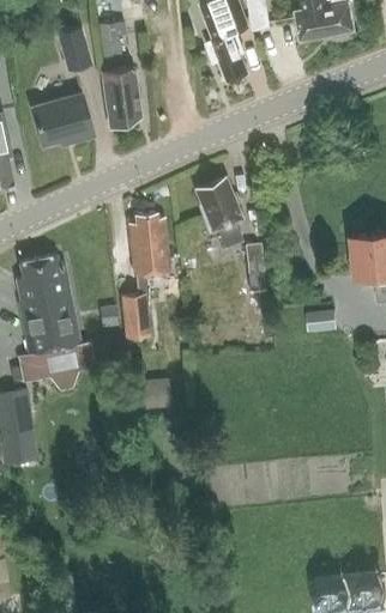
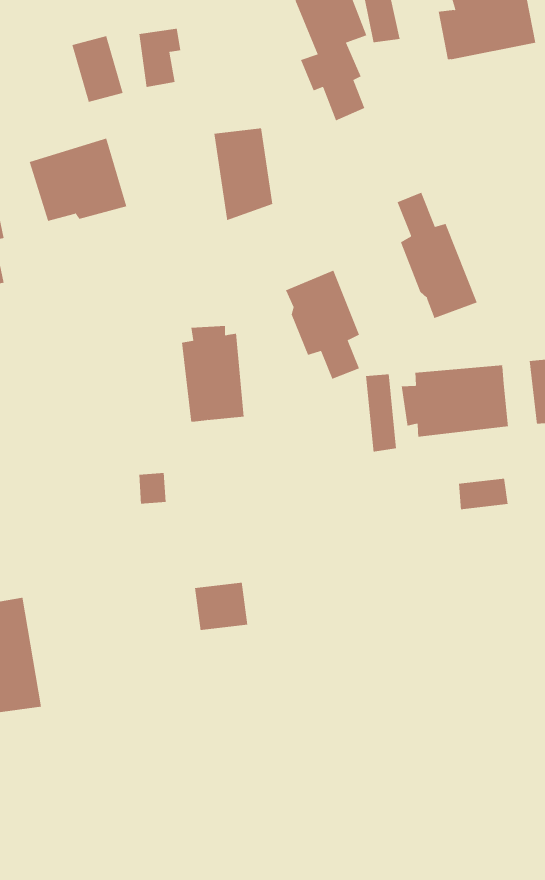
building: [105,69,144,129] -> [214,128,273,221]
building: none -> [397,192,478,319]
building: none -> [401,364,509,437]
building: [17,255,95,388] -> none
building: [121,292,150,338] -> none

